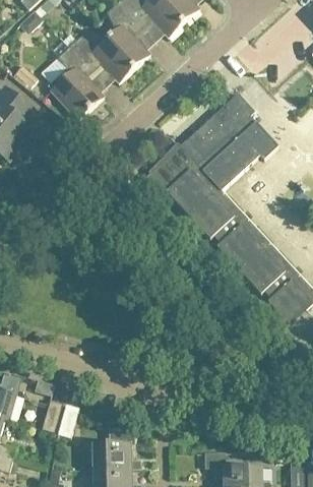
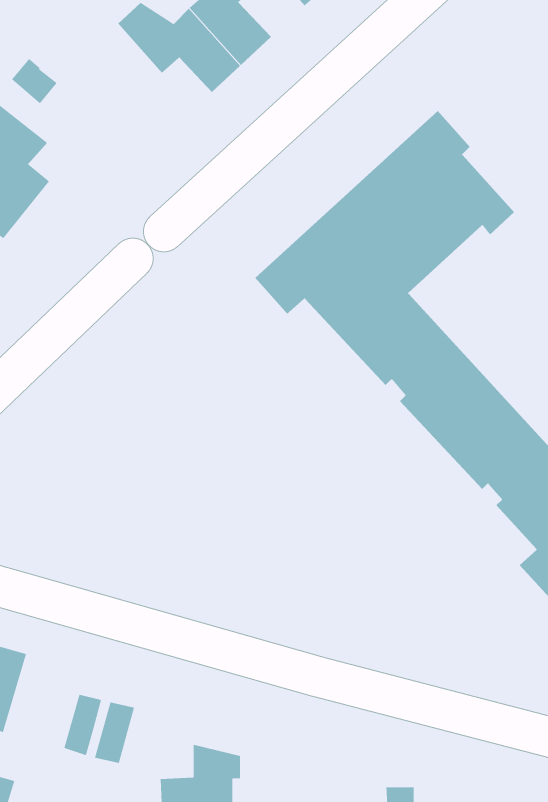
building: [49,46,104,120] -> none

